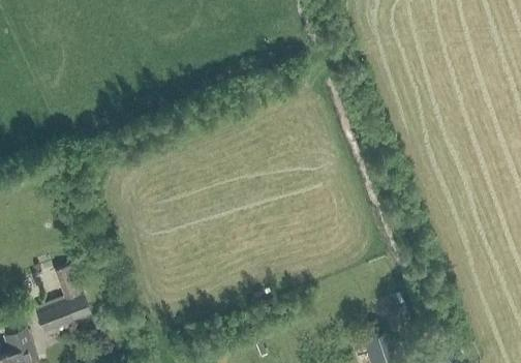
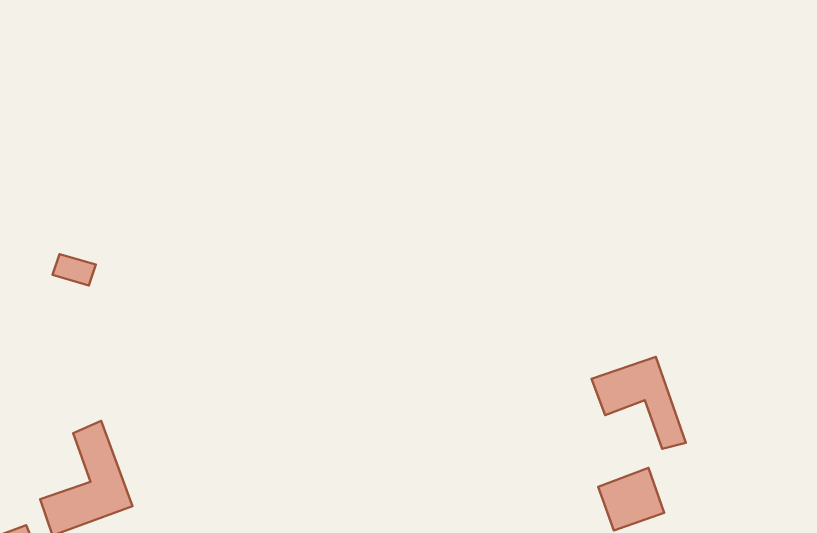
building: none -> [592,357,686,449]

